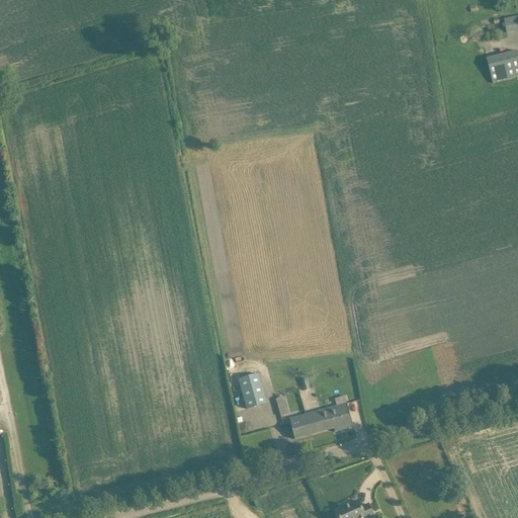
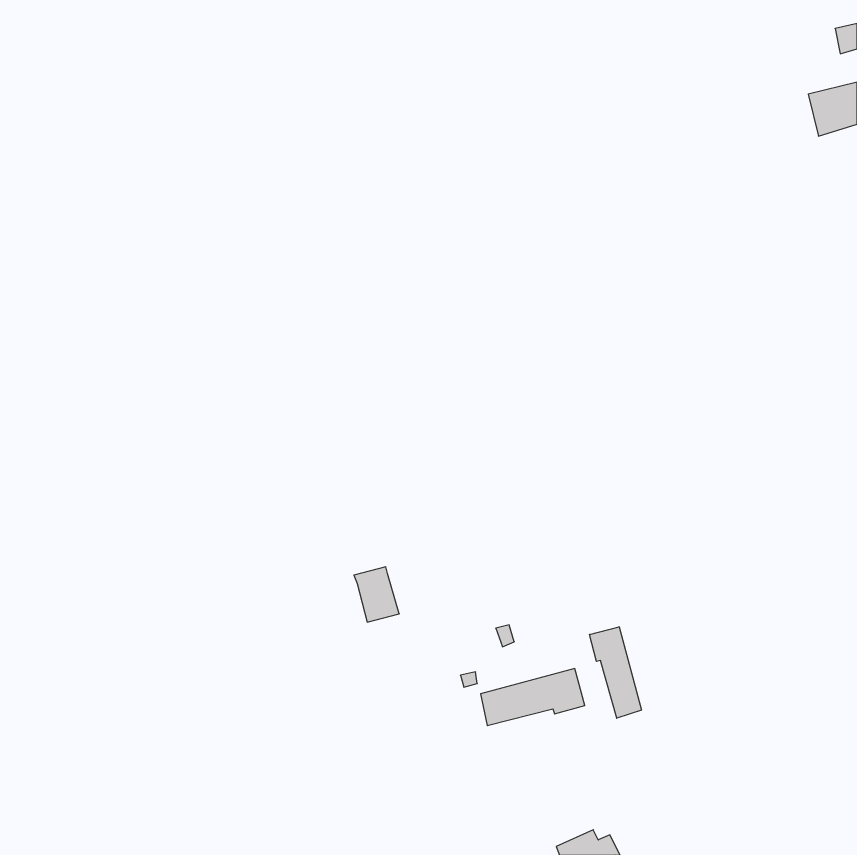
building: [237,372,264,406] -> [354,567,399,622]
building: none -> [590,627,641,718]

